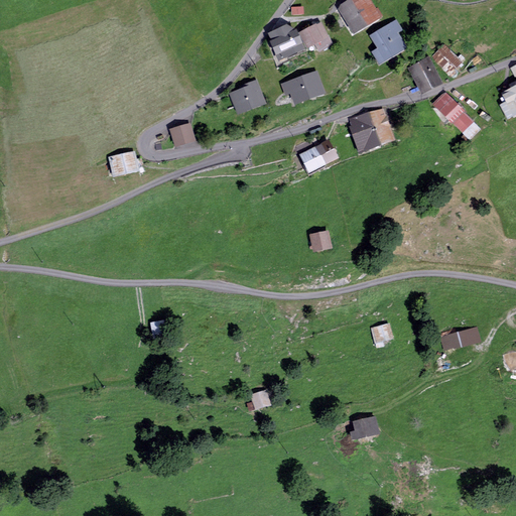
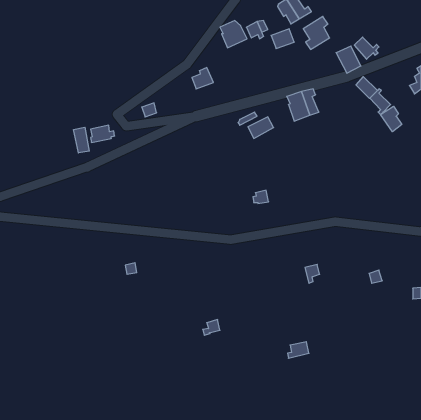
building: [291,75,319,99] -> [271,29,294,49]
building: none -> [380,106,402,132]
building: none -> [74,127,89,153]

